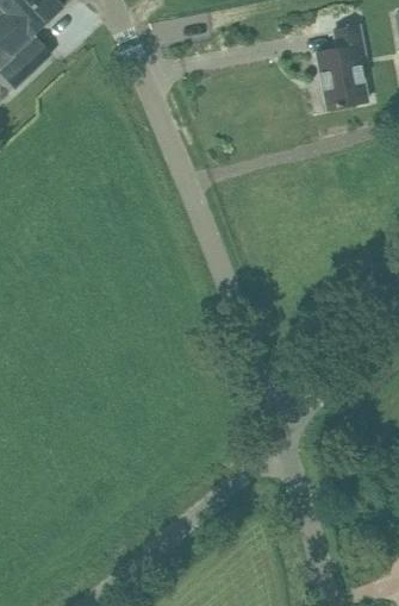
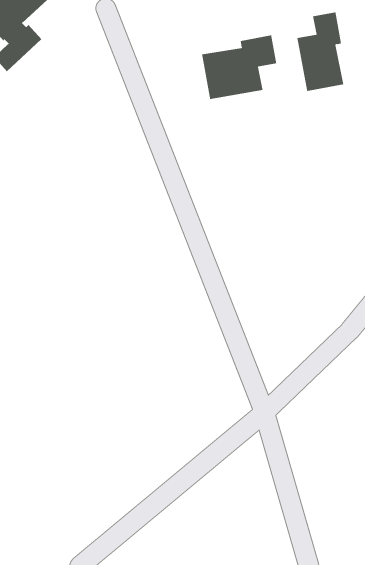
building: none -> [202,35,277,100]

